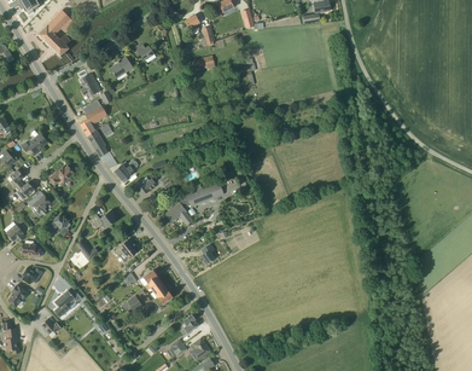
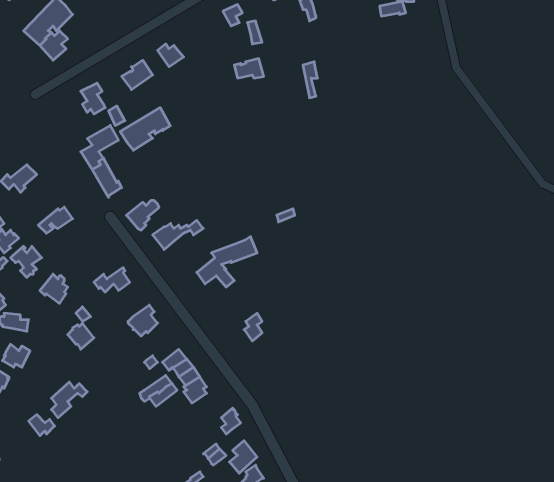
building: none -> [120,108,170,150]

